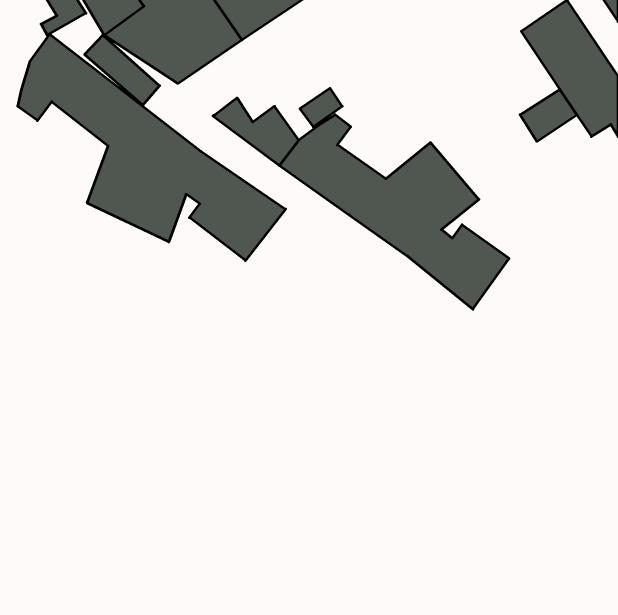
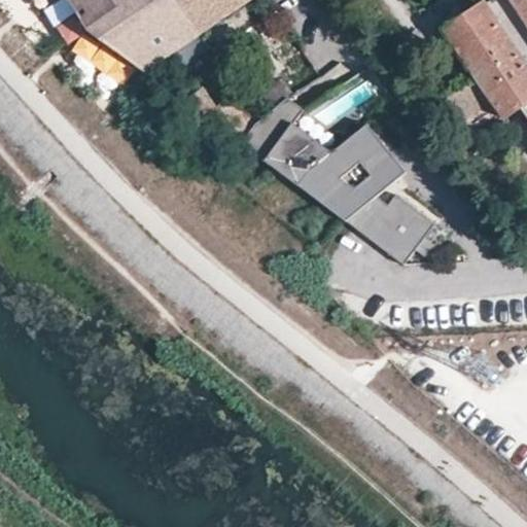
building: [18,34,286,261] -> none

